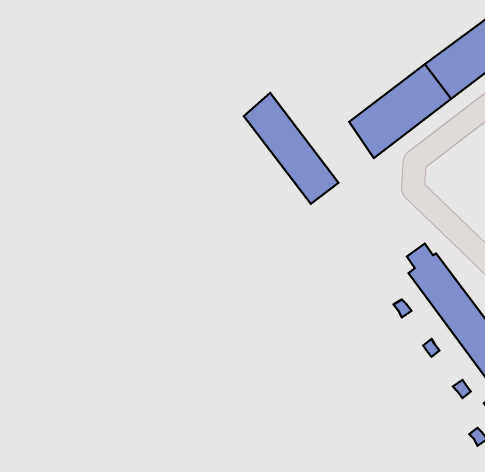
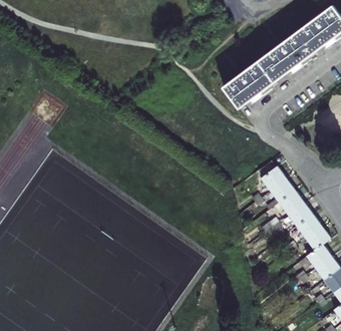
building: [244,93,338,204] -> none

